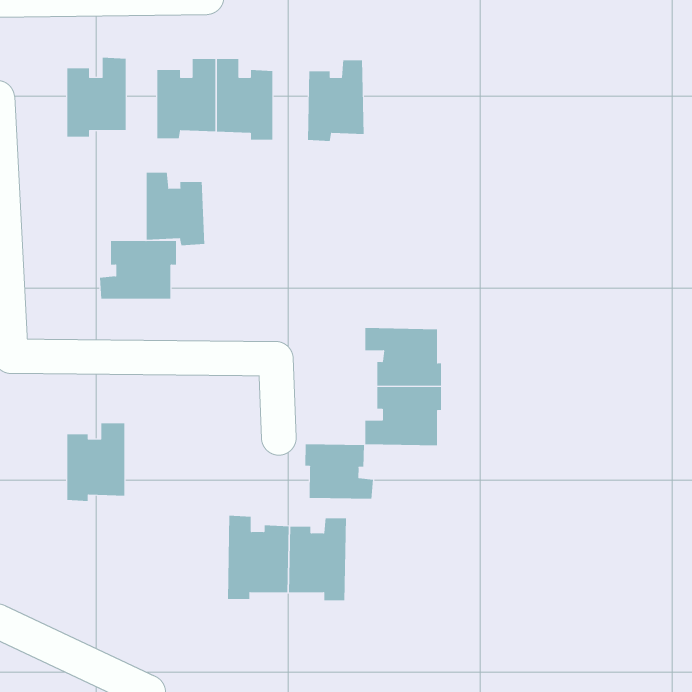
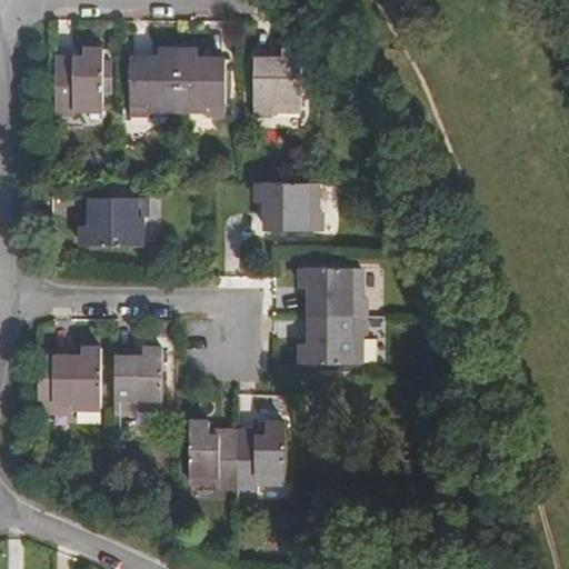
building: [146,172,205,246] -> none
building: none -> [254,181,318,231]
building: none -> [114,347,163,410]
building: [305,444,373,500] -> none

